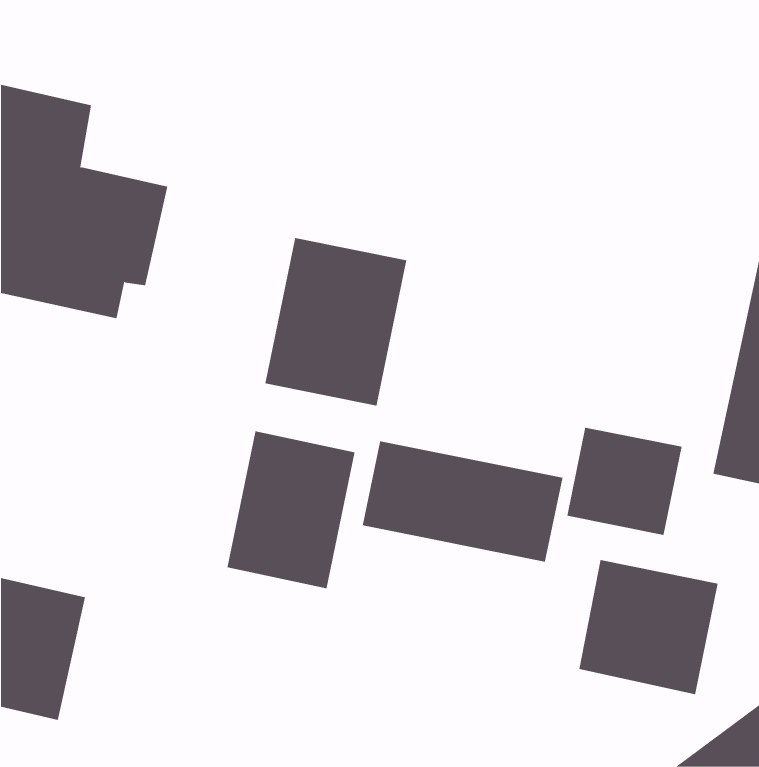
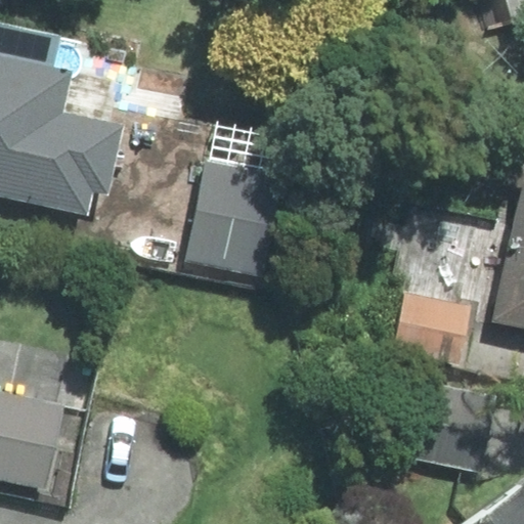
building: [227,431,355,589] -> none
building: [362,441,563,563] -> none

